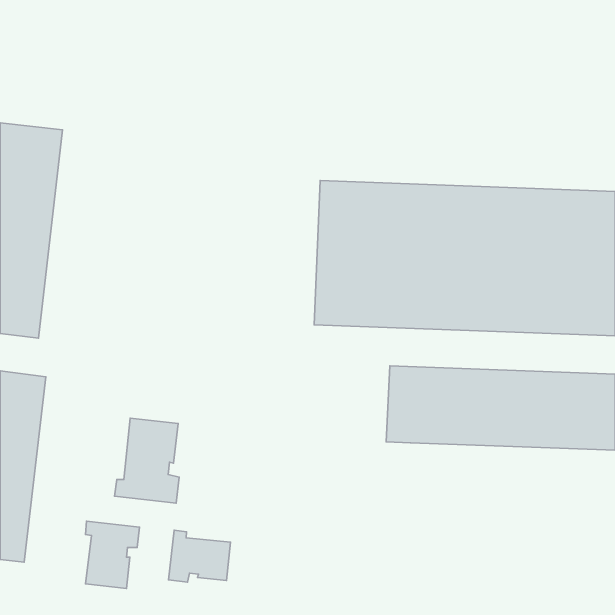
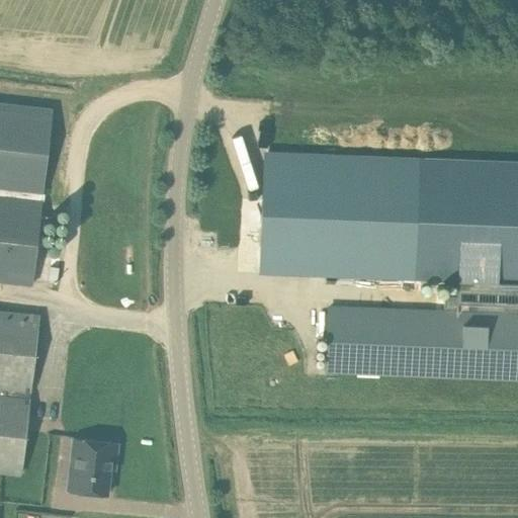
building: [115,418,179,503] -> none
building: [169,530,231,582] -> none

